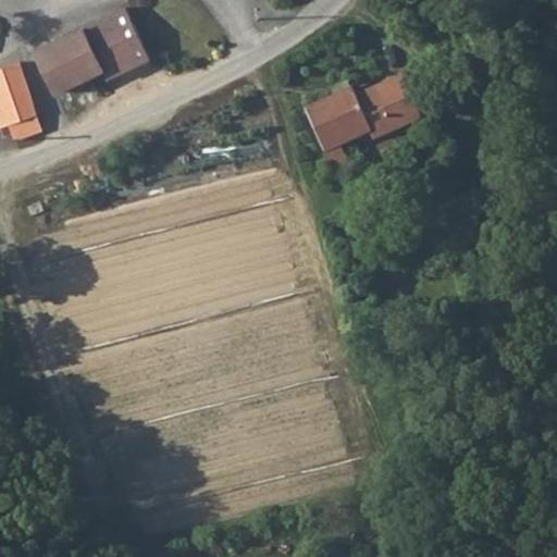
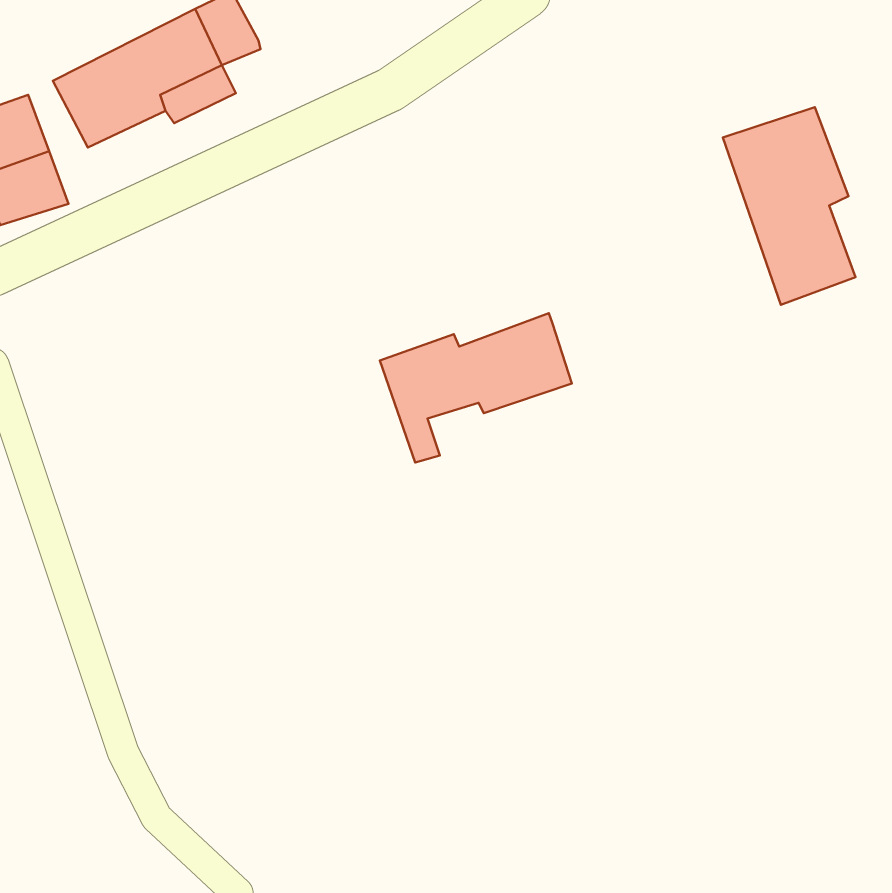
building: none -> [723,107,855,305]
building: [300,82,419,174] -> [380,313,572,463]

